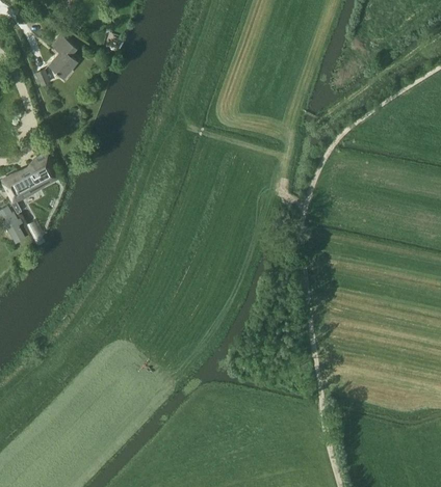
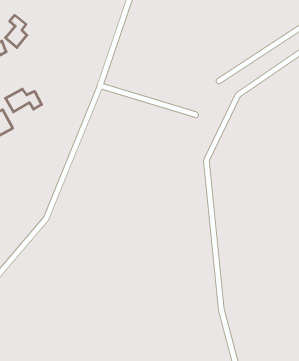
building: none -> [5,89,42,112]

